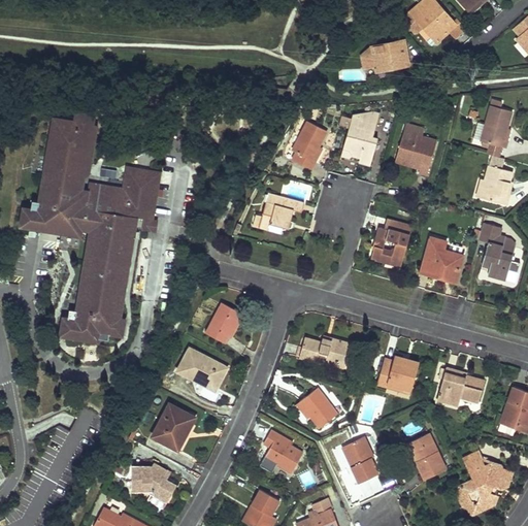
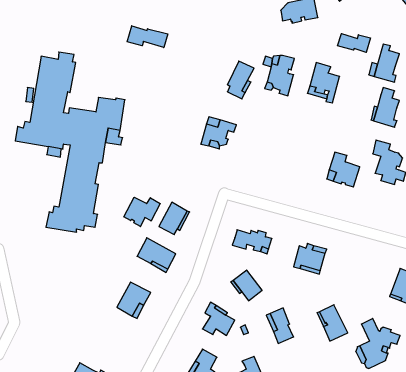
building: none -> [127,26,168,48]
building: none -> [338,34,370,52]
building: [371,222,412,264] -> none
building: none -> [124,197,160,227]
building: [437,367,485,405] -> none
building: [132,463,177,503] -> none

